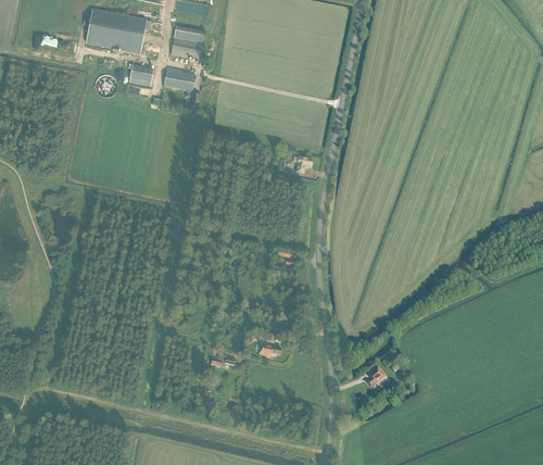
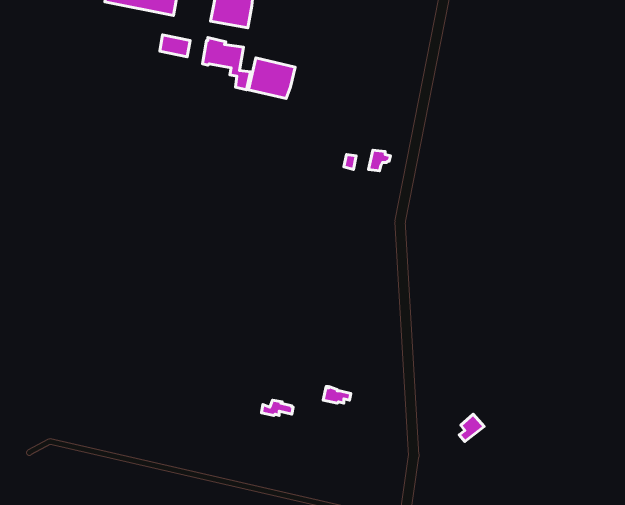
building: none -> [248,58,295,99]

